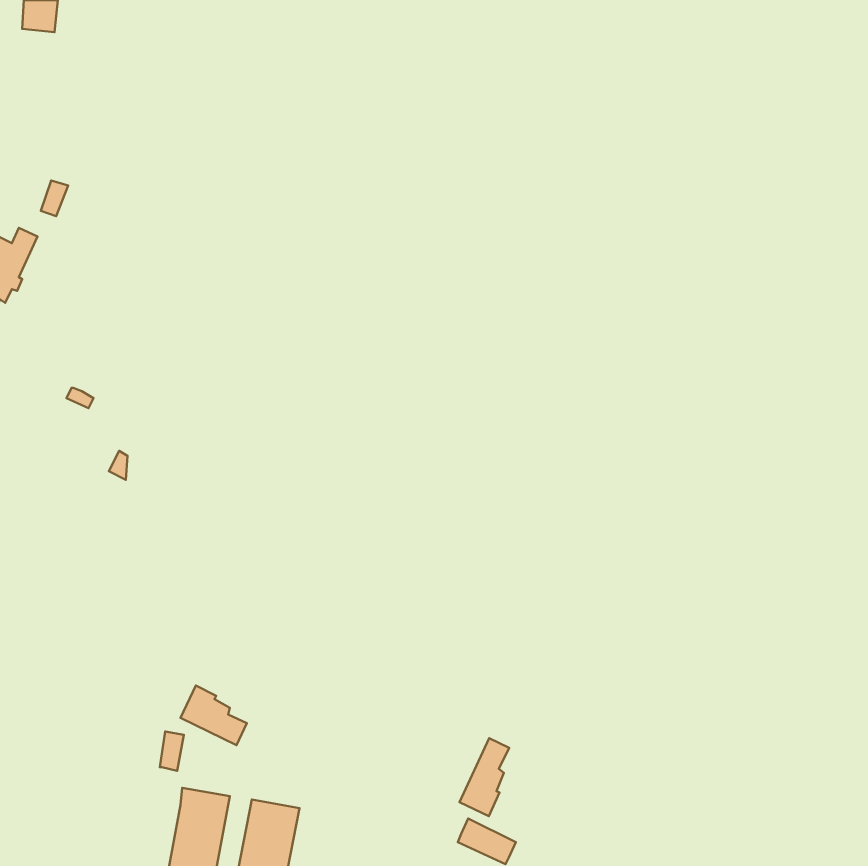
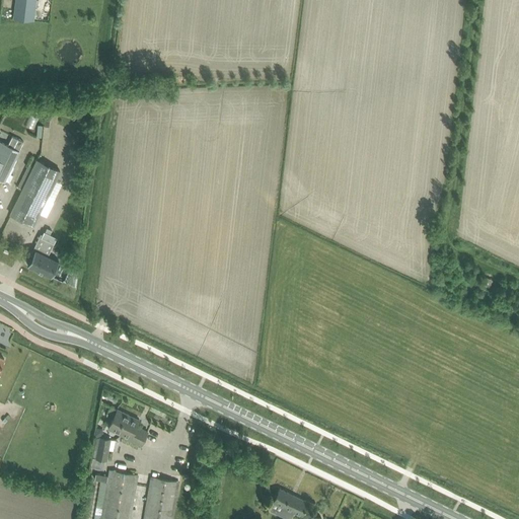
building: none -> [9,161,59,227]
building: none -> [26,251,58,278]
building: [459,738,509,816] -> none

